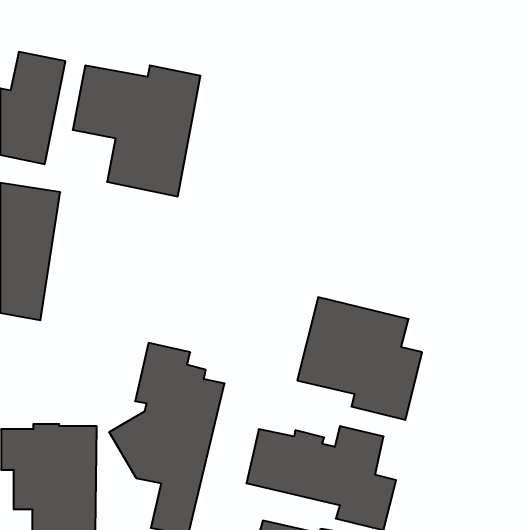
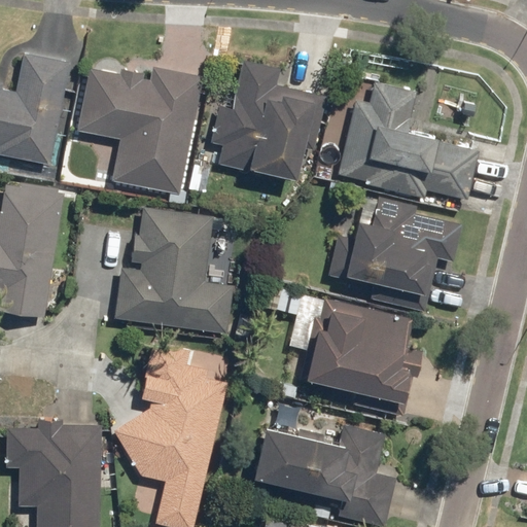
building: none -> [204,59,331,185]
building: none -> [336,80,480,200]
building: none -> [327,195,462,312]
building: none -> [113,206,234,335]

